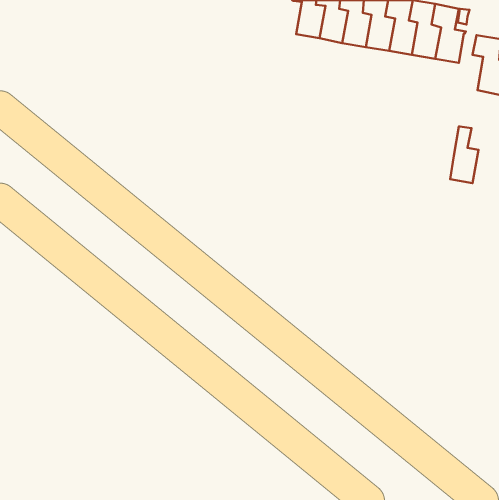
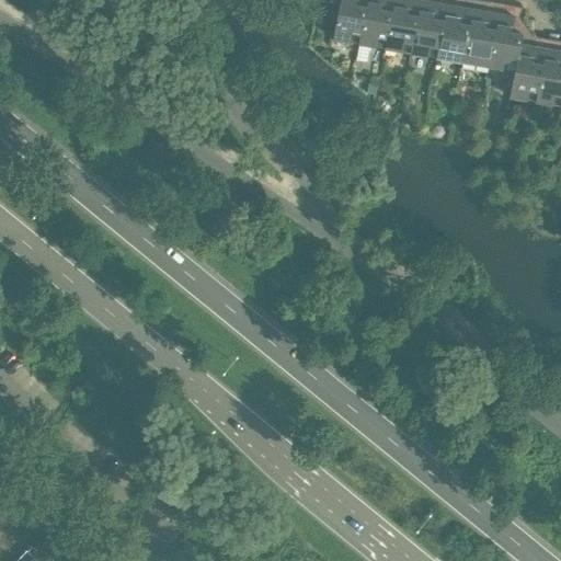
building: [450,126,478,183] -> [511,38,542,102]

